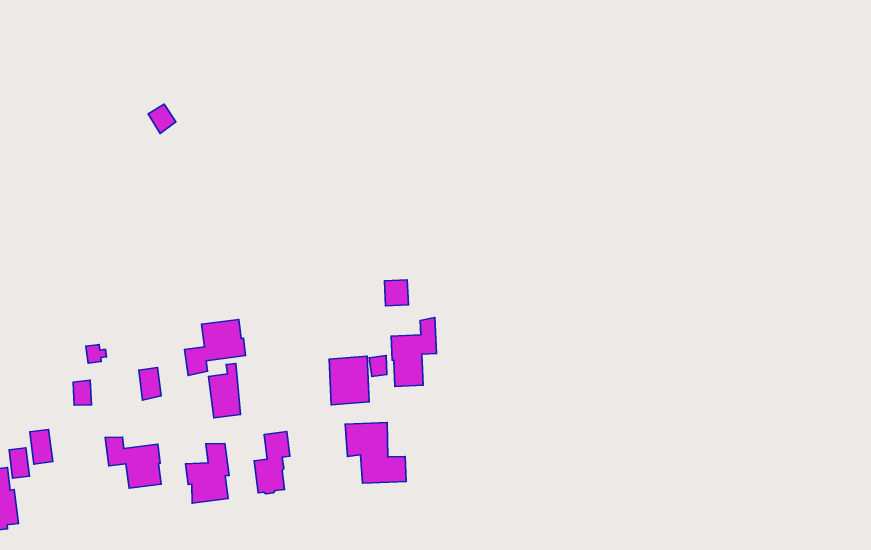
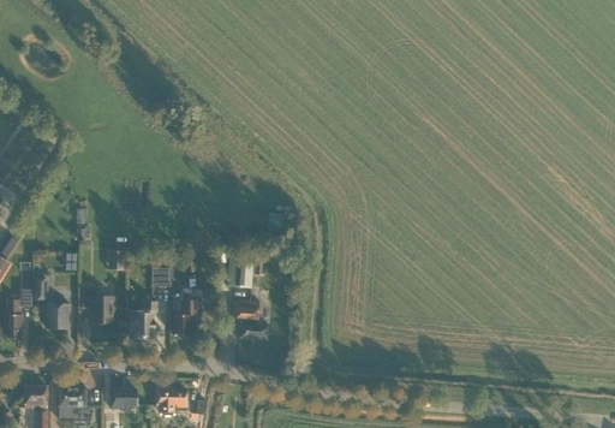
building: [391,317,437,386] -> none
building: [185,319,246,375] -> none
building: none -> [43,304,70,328]

